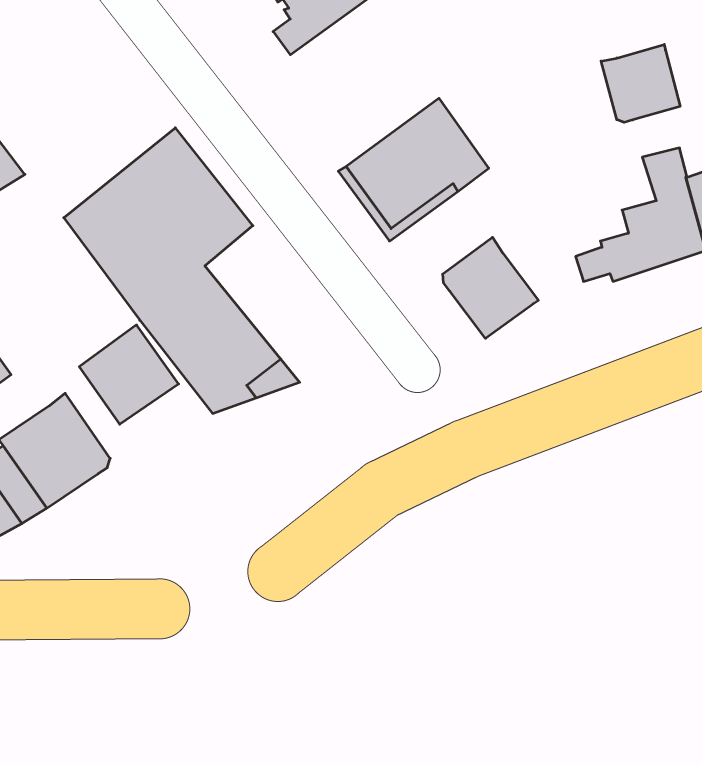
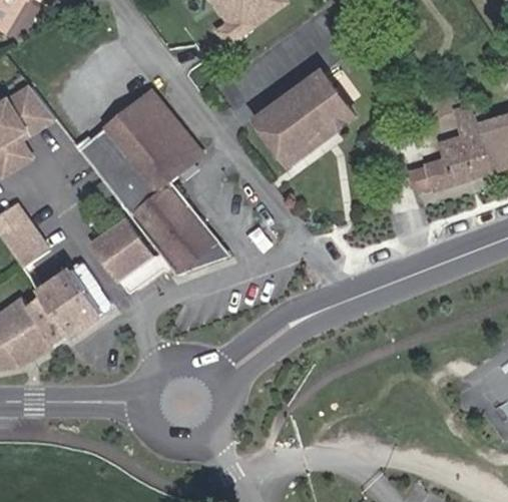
building: [601,44,680,122] -> none
building: [443,237,538,338] -> none

